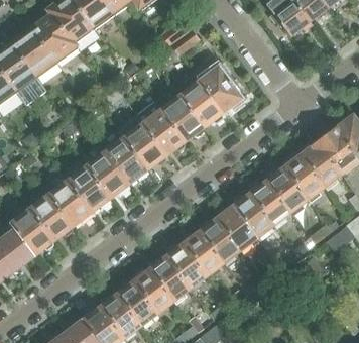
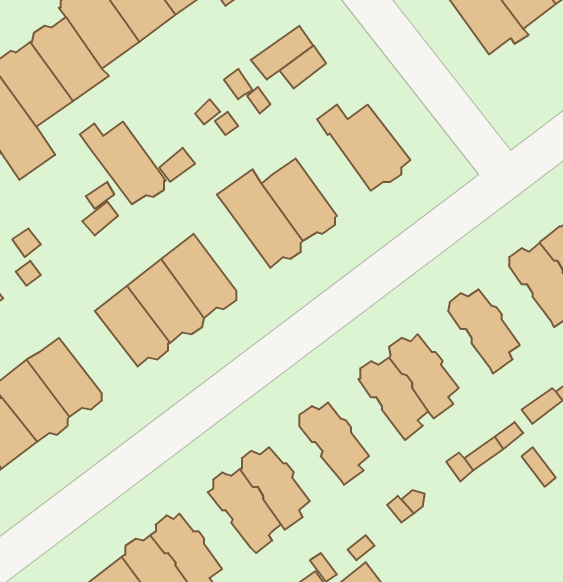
building: [181,81,223,127] -> none
building: [118,123,166,169] -> [80,122,166,204]
building: [283,155,324,203] -> none
building: [47,181,92,227] -> none
building: [249,181,289,228] -> none
building: [199,219,239,266] -> none
building: [165,245,206,291] -> none
building: [115,282,155,329] -> none

